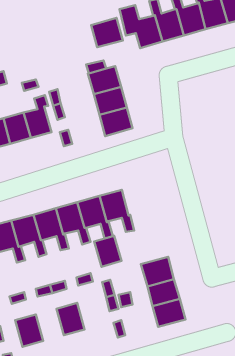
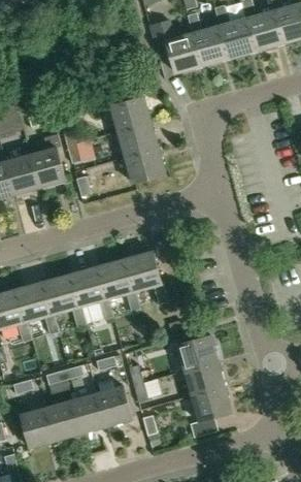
building: [91,18,123,47] -> none
building: [94,236,122,267] -> none
building: none -> [97,385,132,425]
building: none -> [45,399,80,440]

